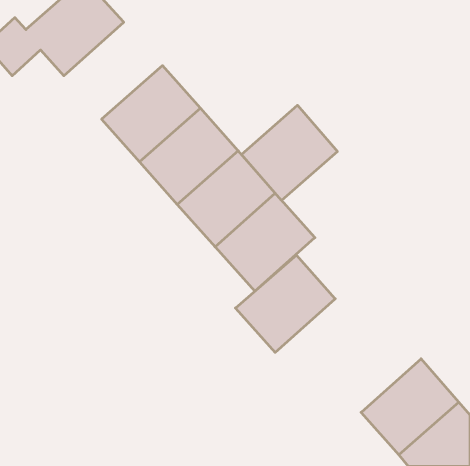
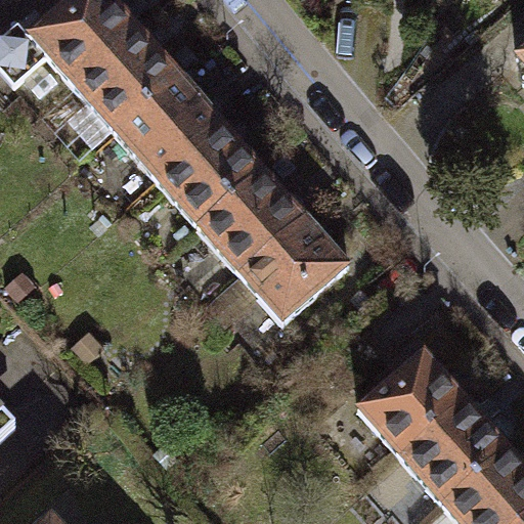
building: none -> [71,25,180,132]
building: [242,105,337,200] -> none
building: [235,255,335,352] -> [356,349,467,456]

